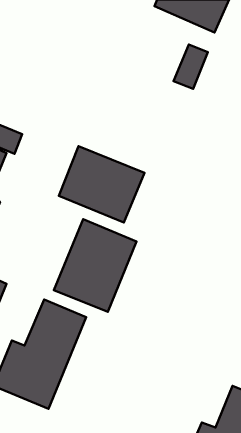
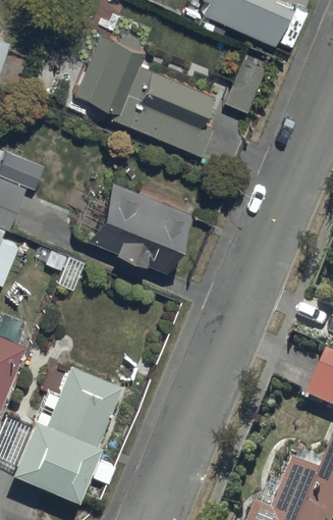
building: none -> [73,30,211,151]
building: [54,219,137,312] -> none

